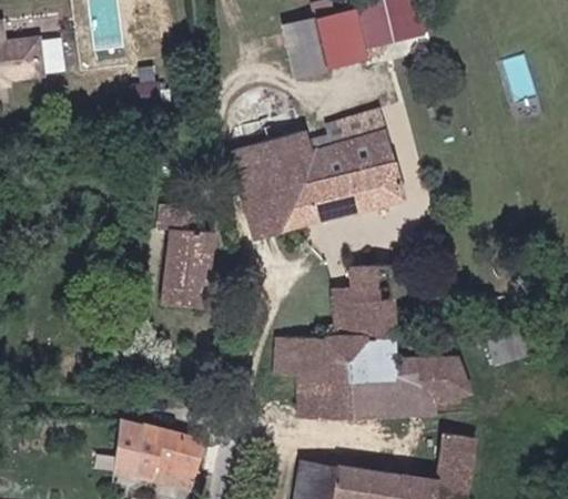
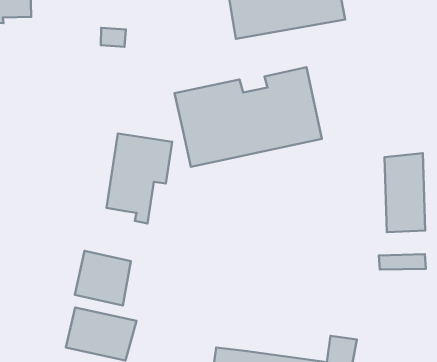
building: none -> [384,153,425,232]
building: [282,279,457,420] -> none
building: none -> [75,251,131,306]

